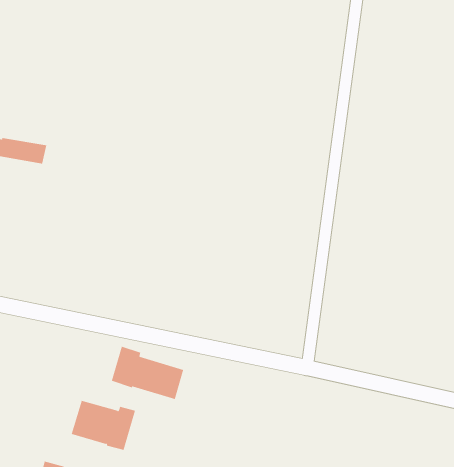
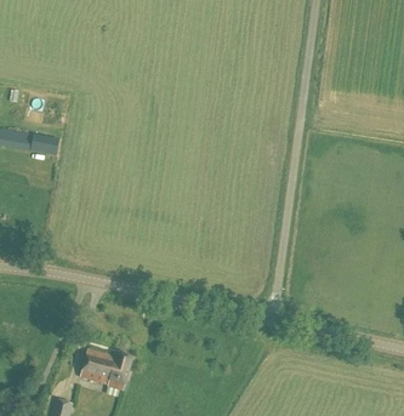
building: [111,346,184,400] -> none

